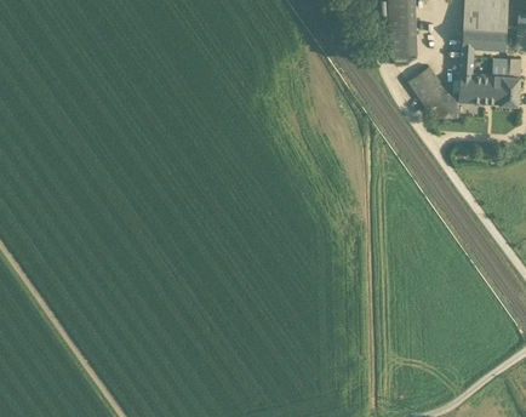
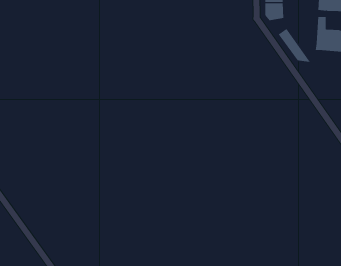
building: [419,65,458,118] -> none

